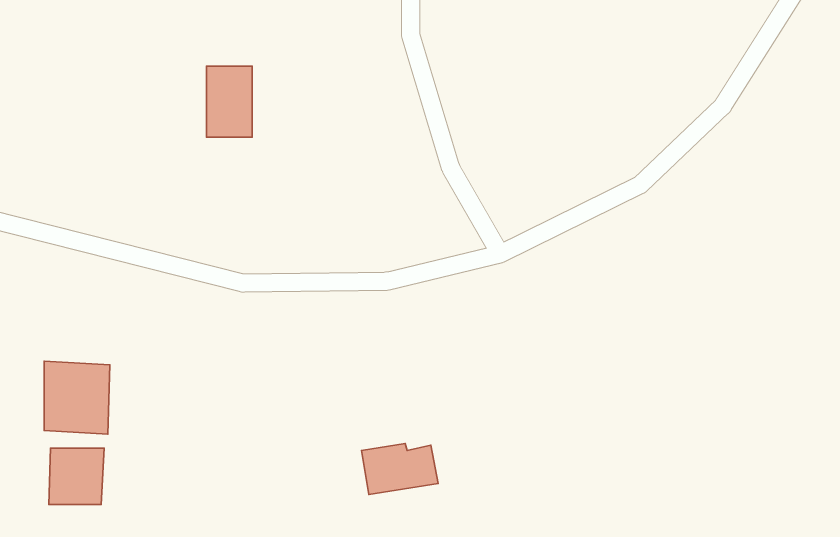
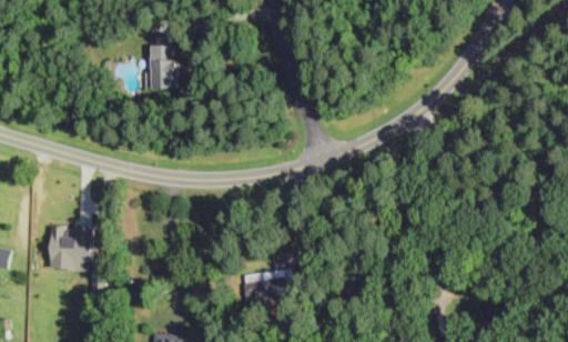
building: [49,448,104,505] -> none

